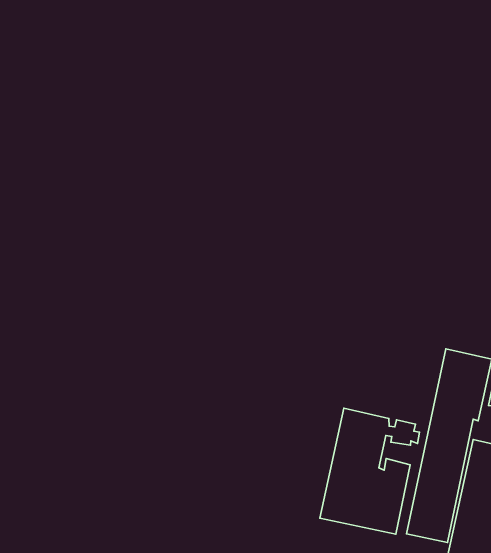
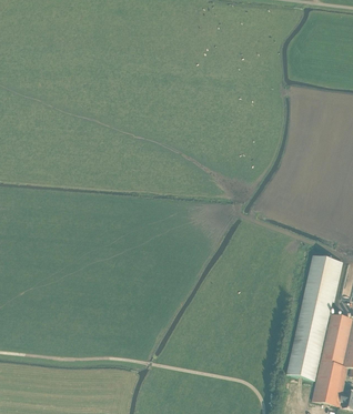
building: [320,408,420,534] -> none

